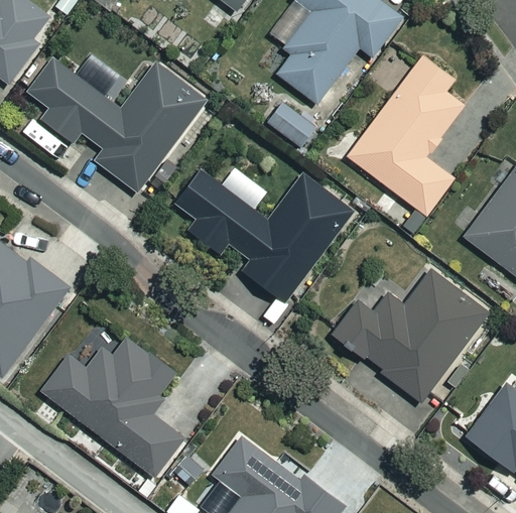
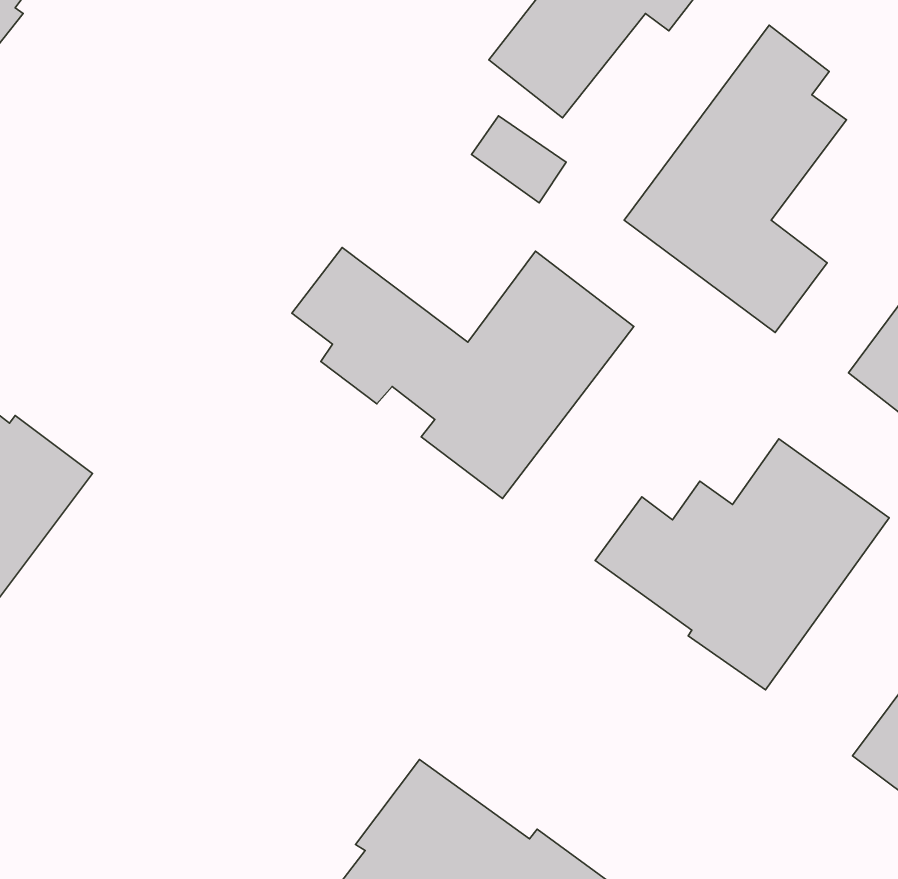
building: [27,57,204,190] -> none
building: [41,336,184,477] -> none

